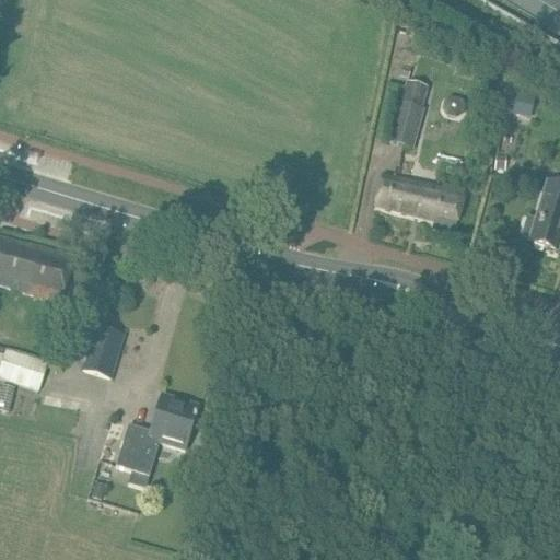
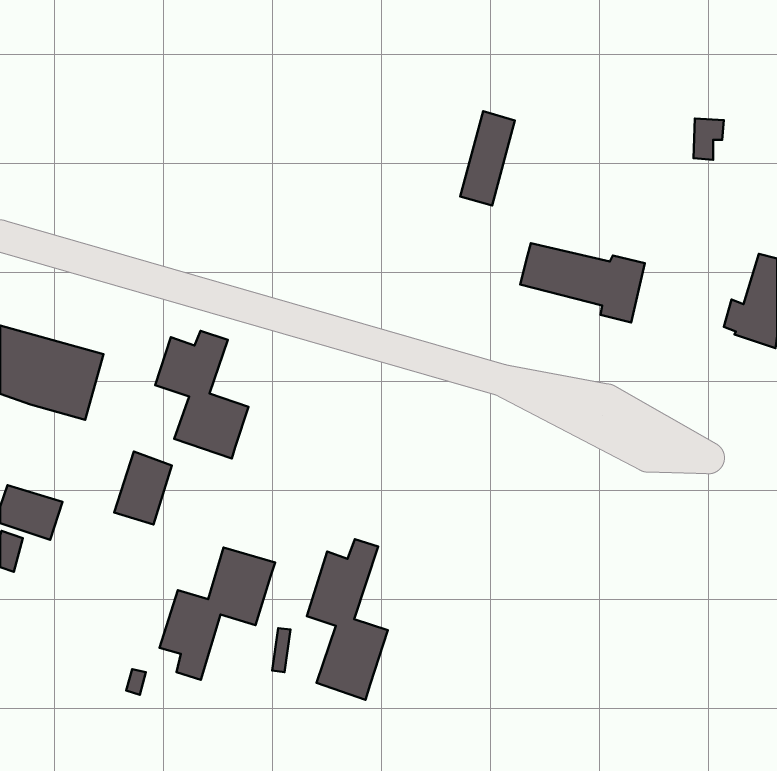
building: [389,79,429,147] -> [460,111,515,206]
building: none -> [155,331,249,459]
building: none -> [307,539,388,700]

